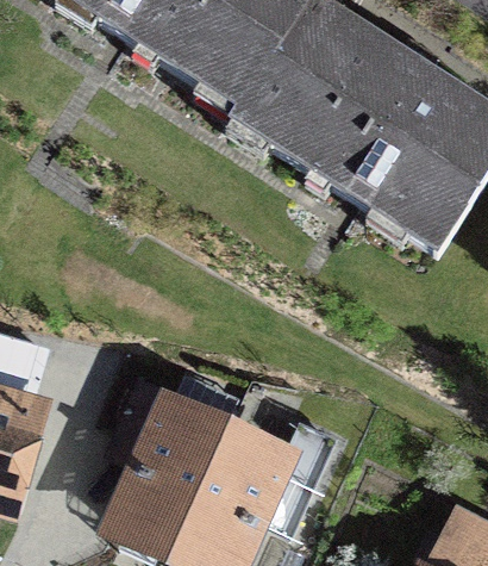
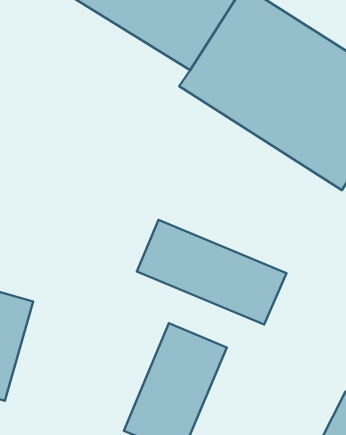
building: none -> [137,220,286,324]
building: [95,390,224,556] -> none

